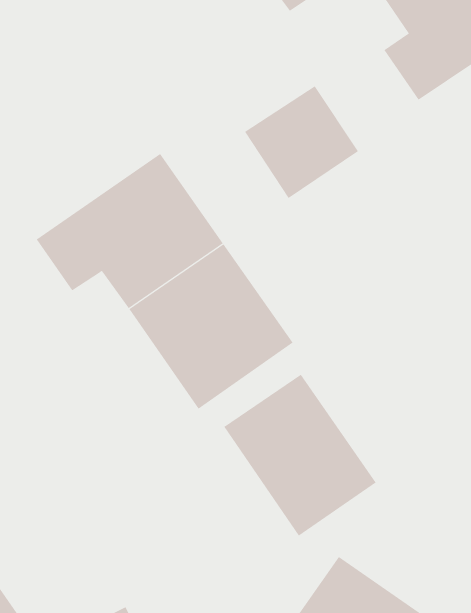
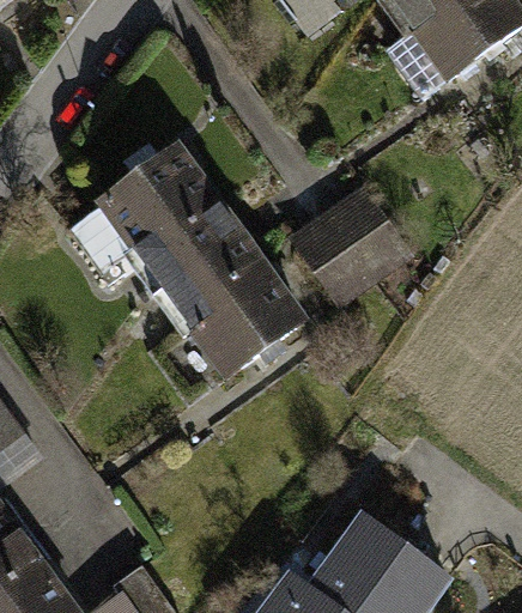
building: [244,85,359,199] -> [293,193,400,298]
building: [223,374,377,537] -> none

